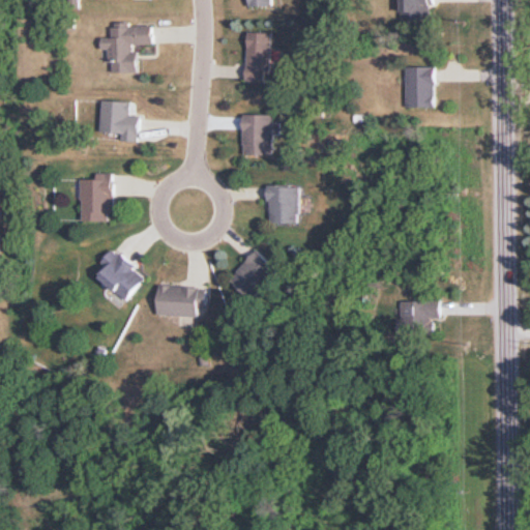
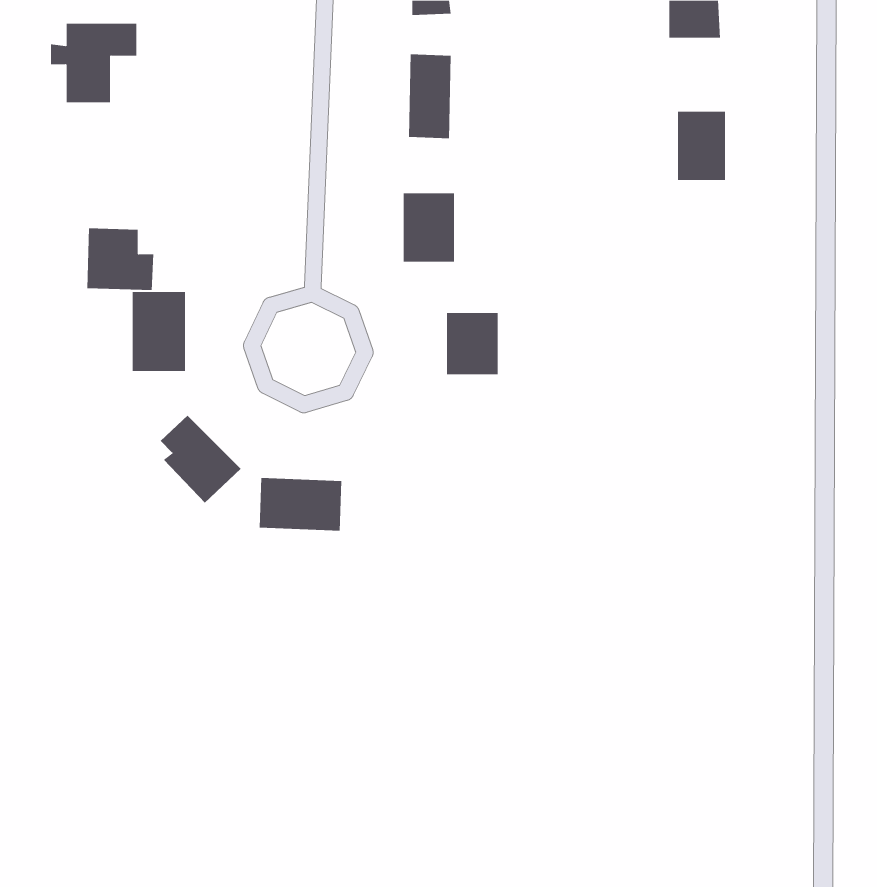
building: [99,25,151,72] -> [50,23,137,103]
building: [97,100,138,138] -> [86,228,154,290]
building: [228,249,276,300] -> none
building: [395,299,438,333] -> none

